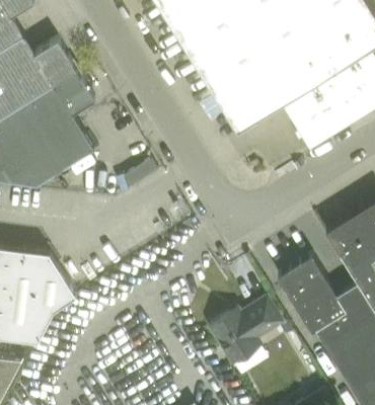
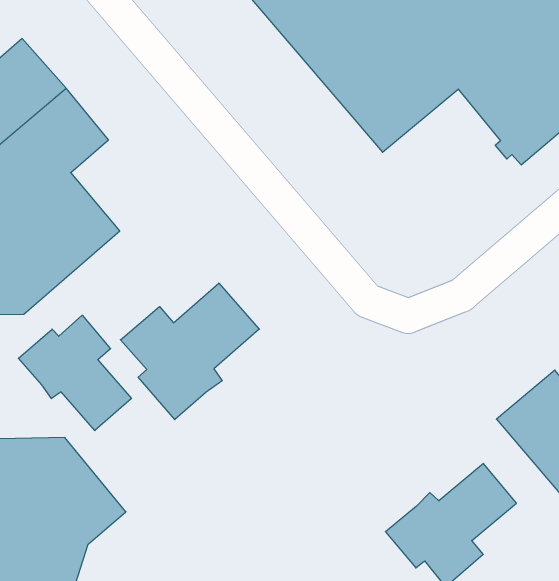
building: none -> [120,283,259,420]
building: none -> [18,315,131,431]

